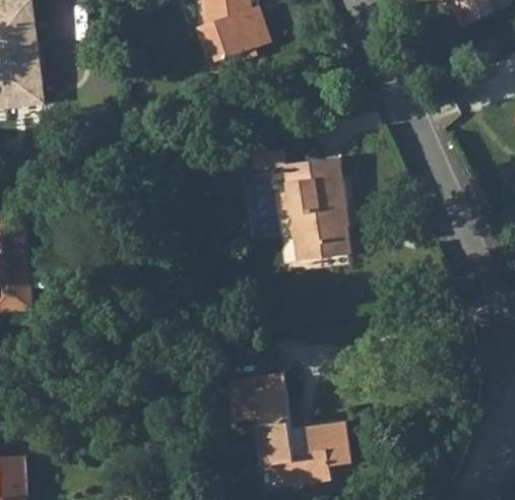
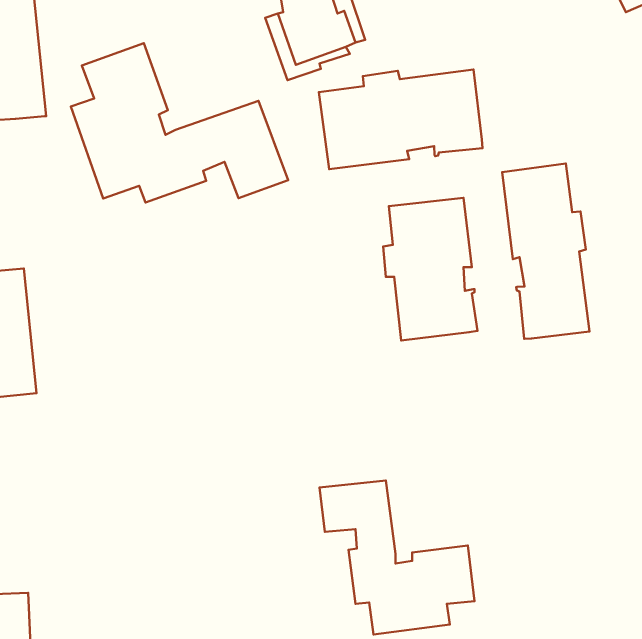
building: none -> [71,43,288,202]
building: none -> [319,69,483,169]
building: none -> [502,163,589,339]

